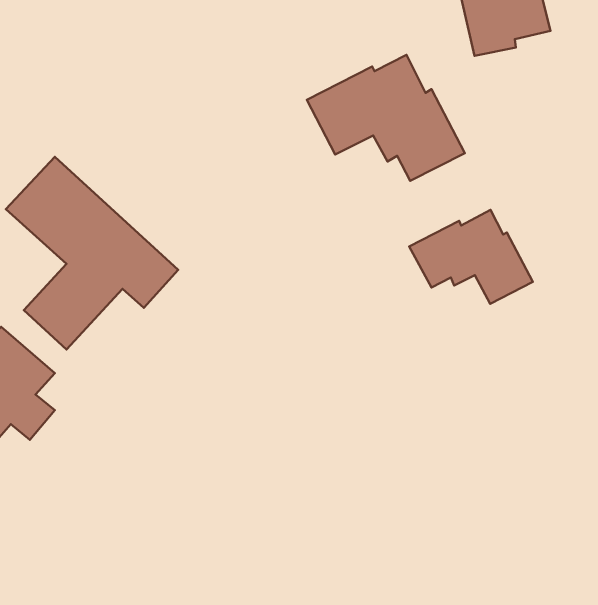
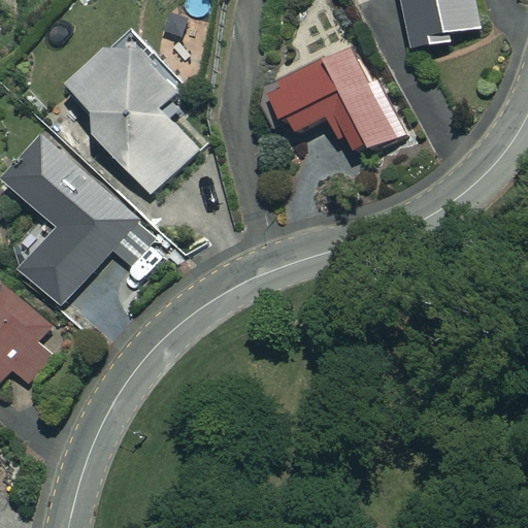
building: none -> [68,31,199,193]
building: [409,210,533,304] -> none

